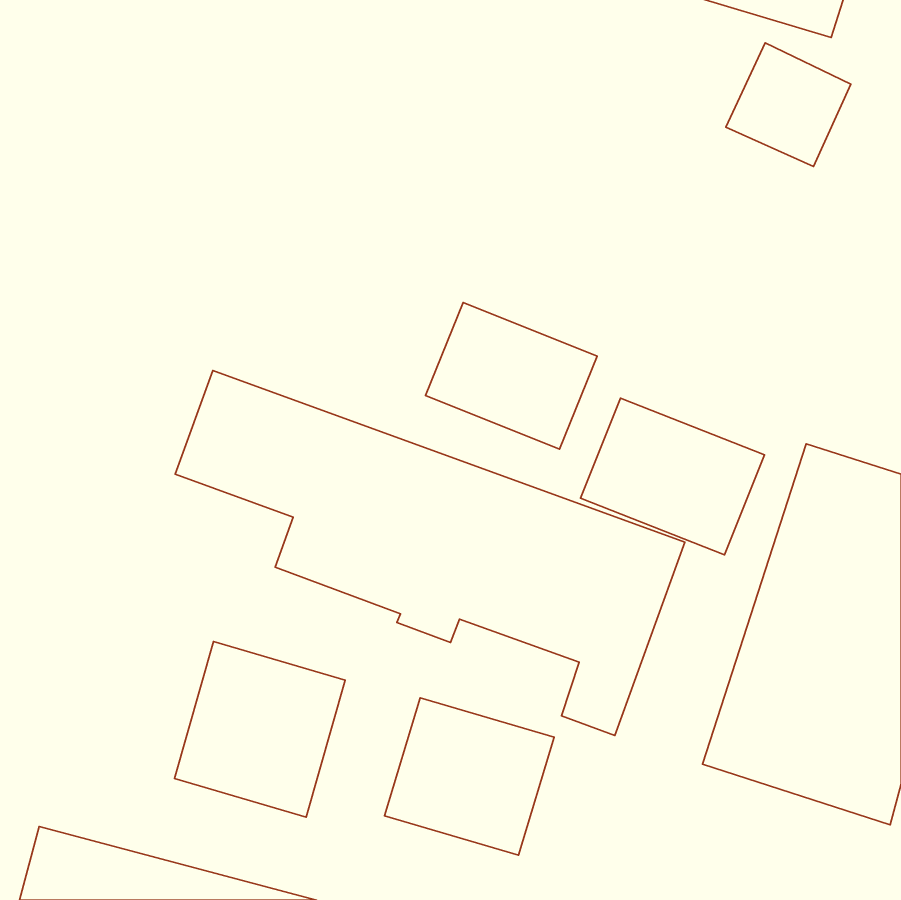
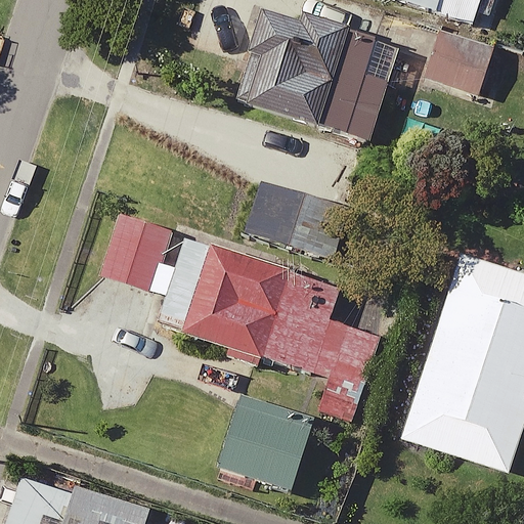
building: none -> [236,8,397,140]
building: [581,398,765,555] -> none
building: [175,642,345,817] -> none

